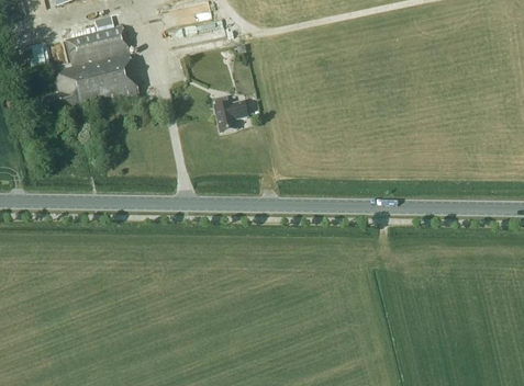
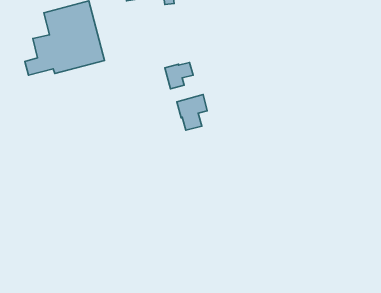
building: none -> [177,95,207,130]

